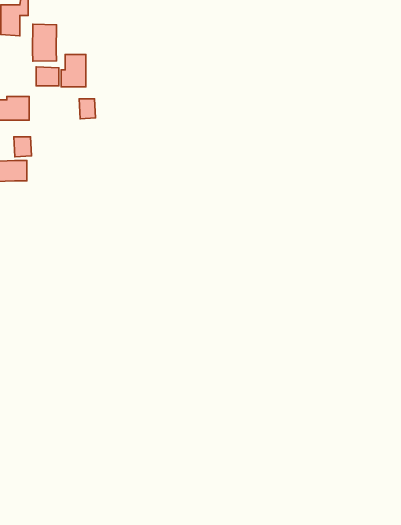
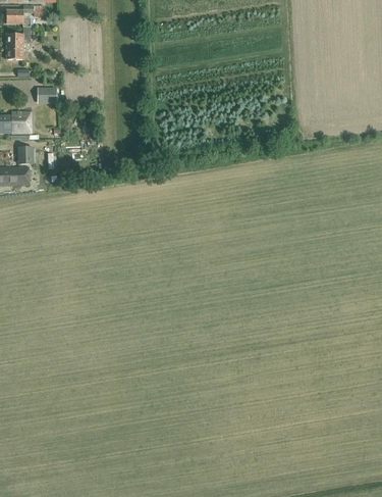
building: [32,24,57,61] -> none
building: [61,55,86,87] -> none

